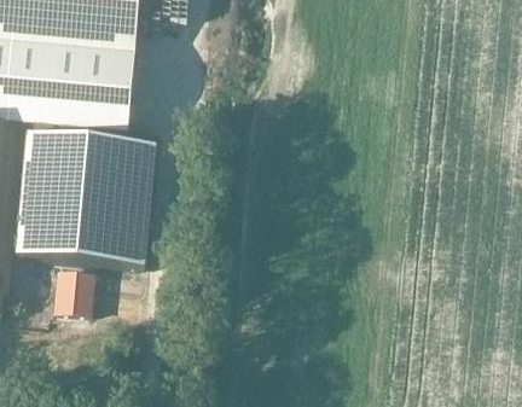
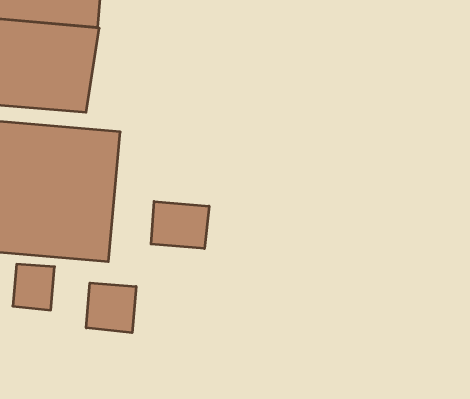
building: none -> [151,201,209,249]
building: none -> [86,283,136,333]

